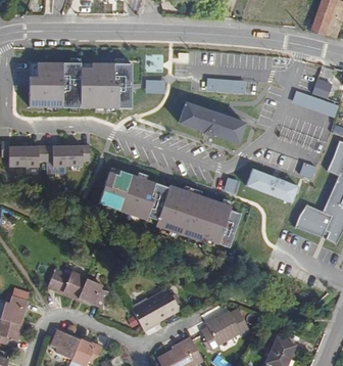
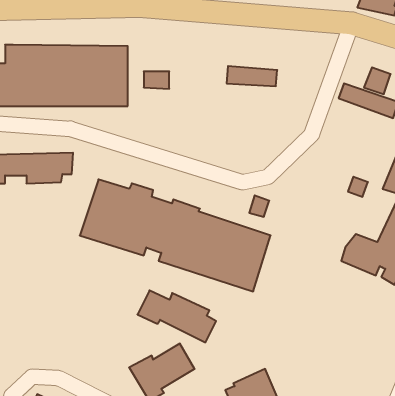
building: [179,100,248,142] -> none
building: [245,169,301,204] -> none
building: [52,270,112,310] -> [137,290,216,342]

